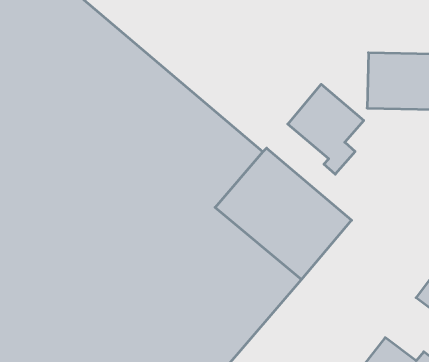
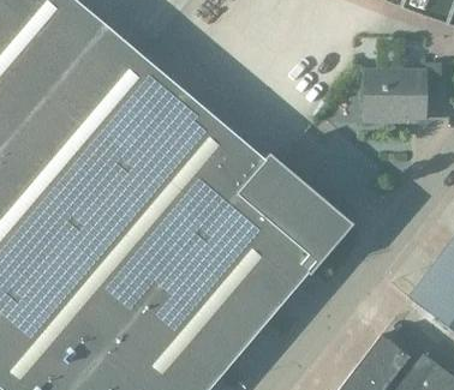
building: [288,84,364,174] -> none

